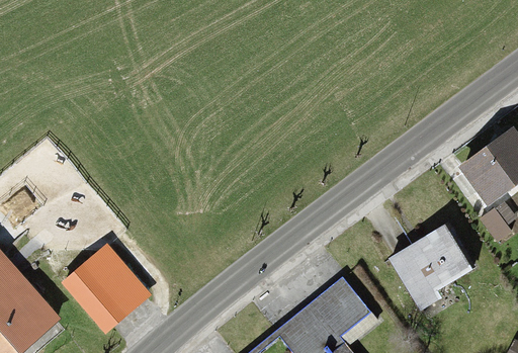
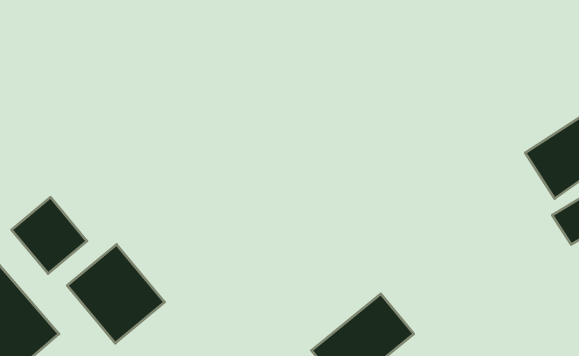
building: none -> [12,197,87,274]
building: [392,226,470,297] -> none

